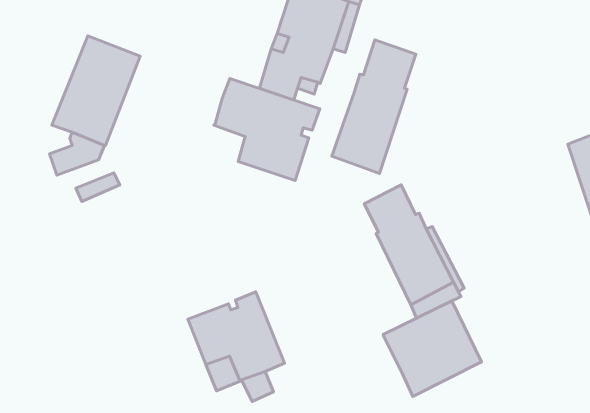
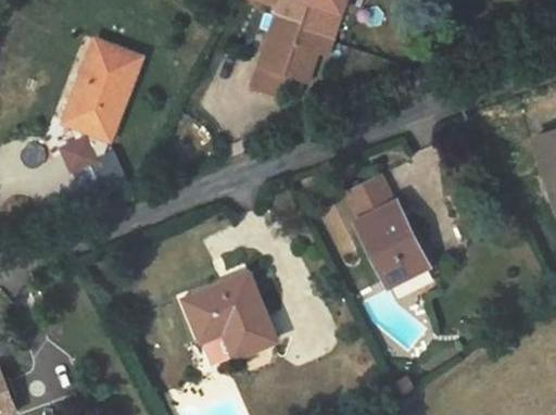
building: [332,40,416,173] -> none
building: [214,78,320,181] -> none
building: [383,301,481,396] -> none

